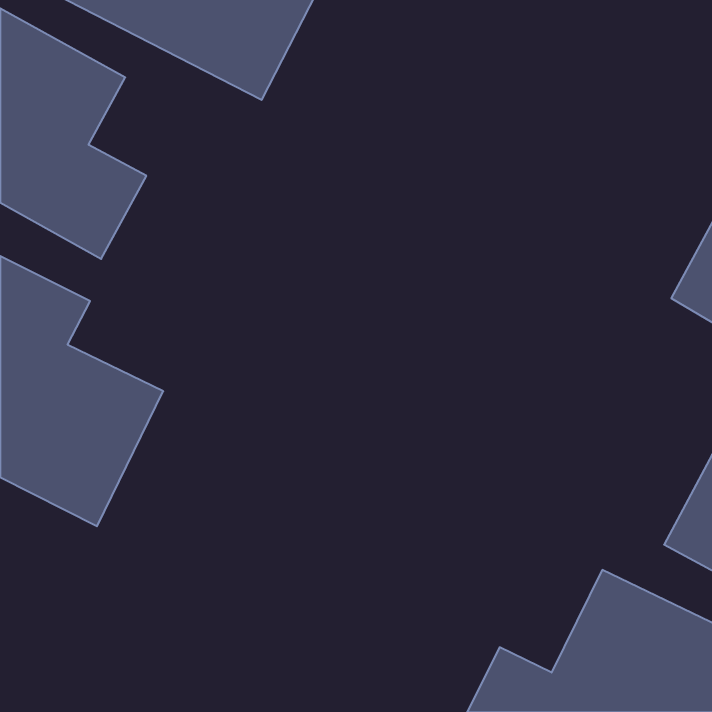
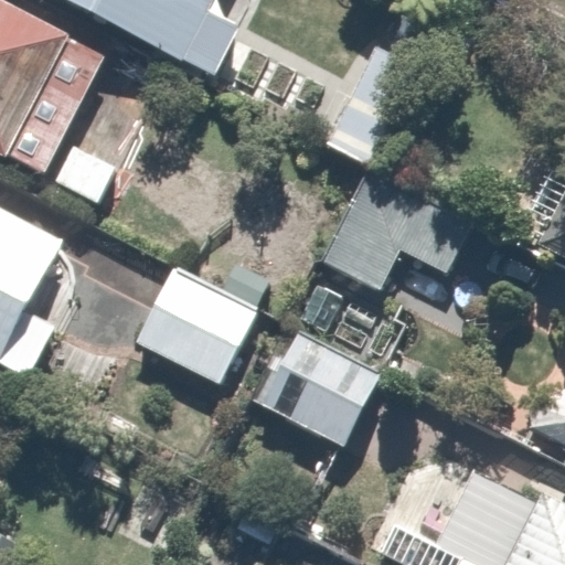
building: none -> [315,167,479,291]
building: none -> [130,263,254,387]
building: none -> [255,332,383,449]

